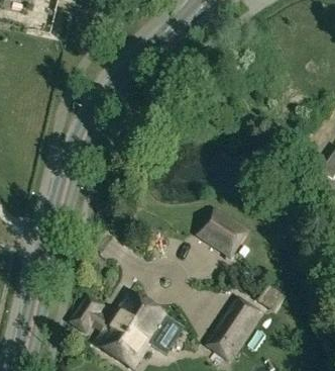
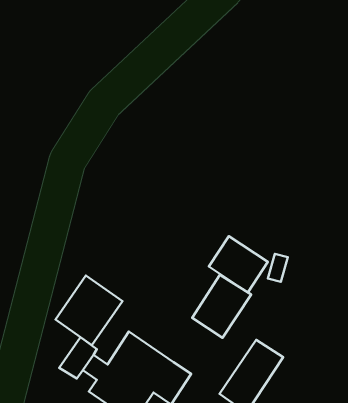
building: none -> [192,275,251,338]
building: none -> [55,276,122,345]

